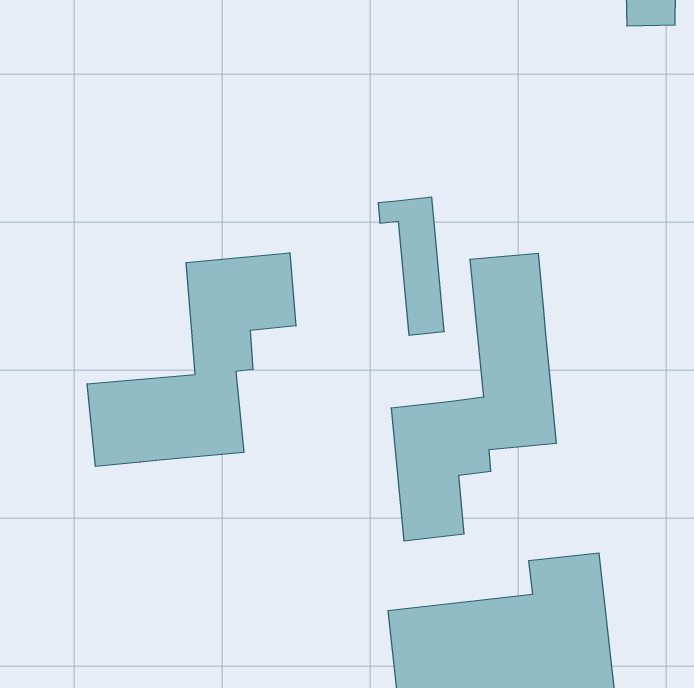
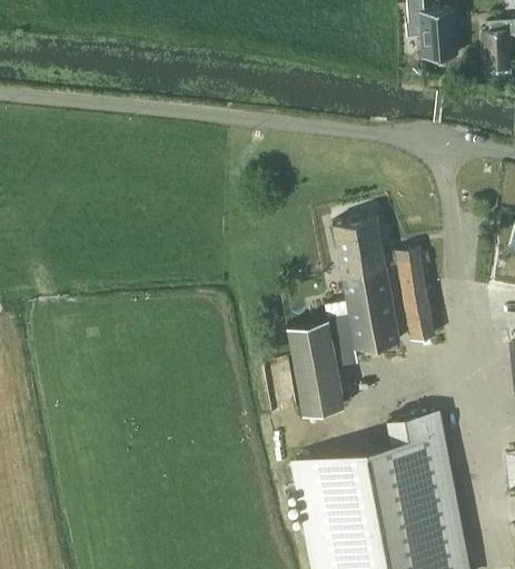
building: [378,197,444,335] -> [384,247,435,341]
building: [87,253,296,466] -> none

